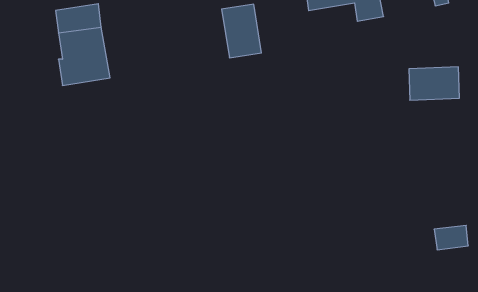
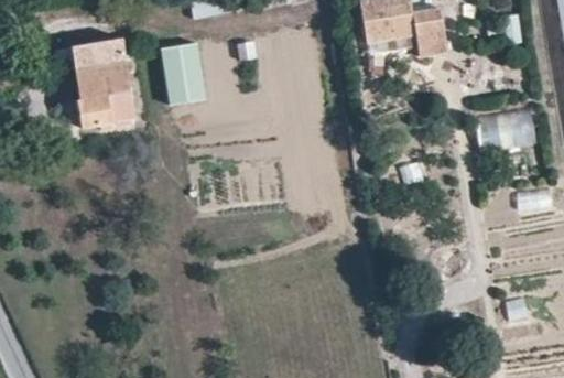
building: [222,4,261,58] -> [161,45,206,106]

